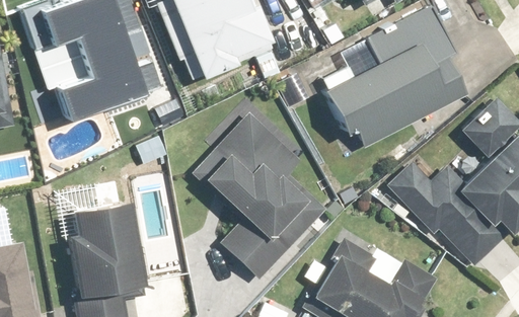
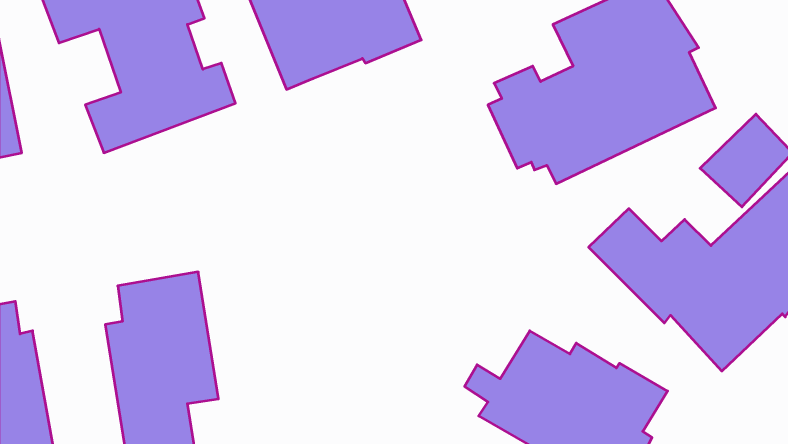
building: [197,113,327,281] -> none

